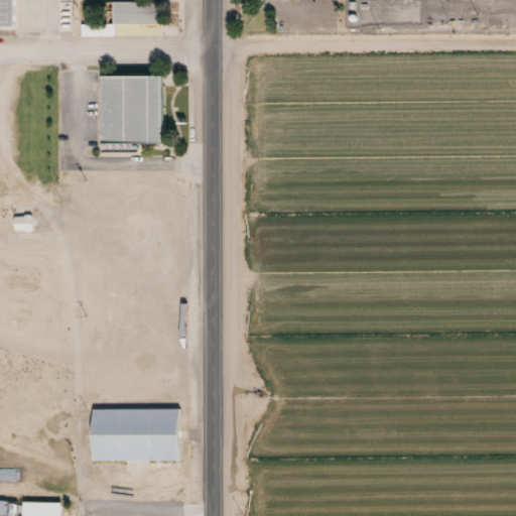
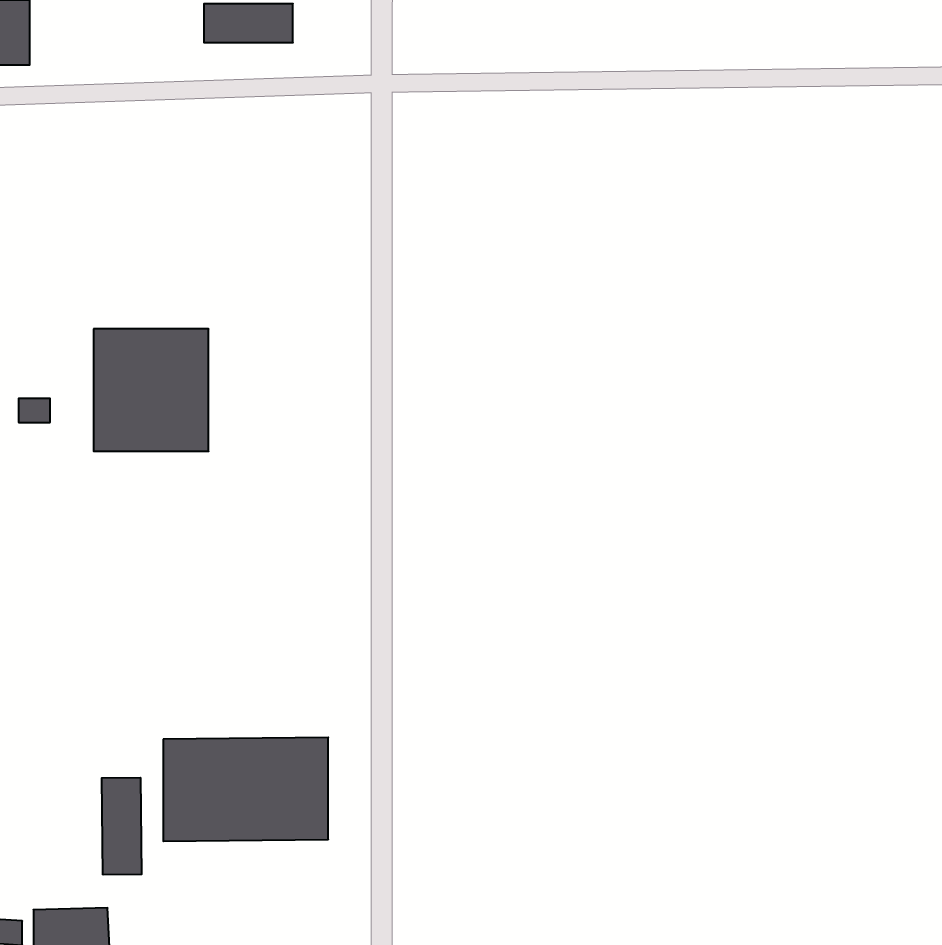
building: [100,83,162,149] -> [94,329,209,451]
building: none -> [102,778,142,875]

